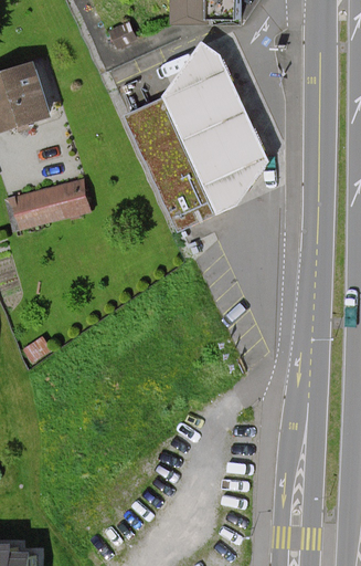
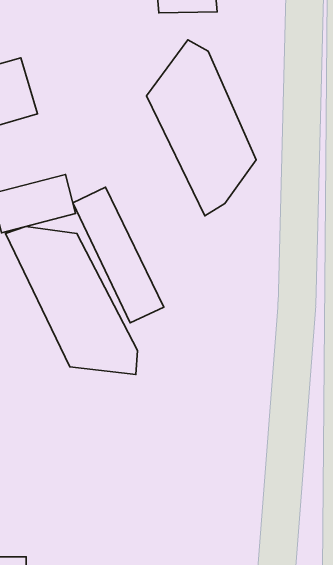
building: [126,97,215,231] -> [73,187,164,323]
building: none -> [5,226,138,375]

